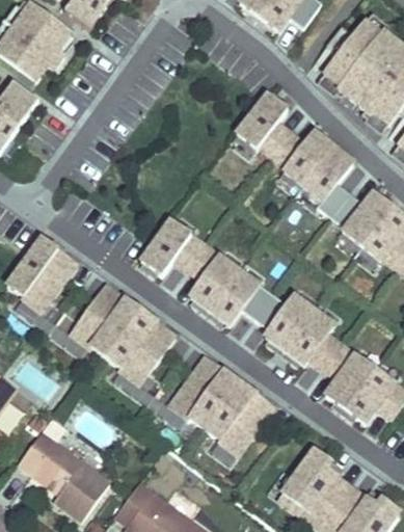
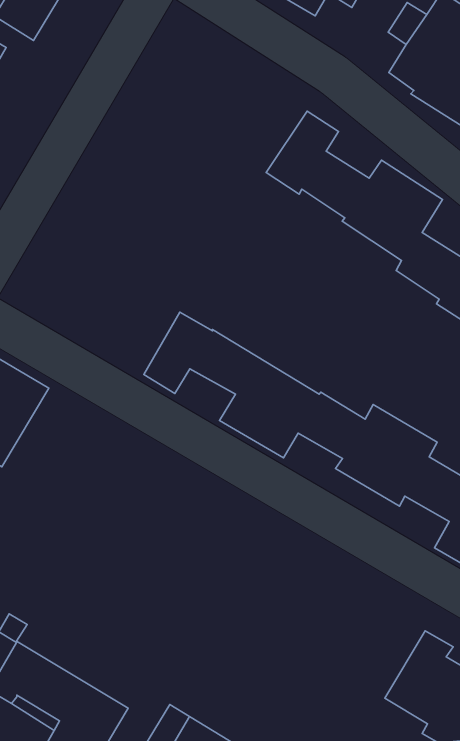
building: [71,284,176,383] -> none
building: [169,355,274,455] -> none

